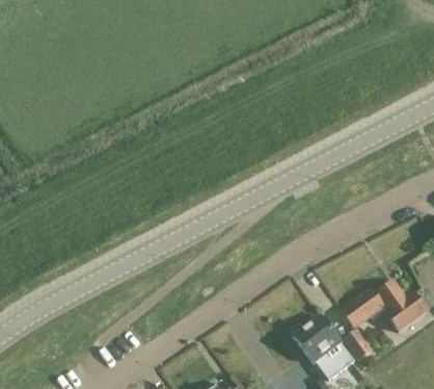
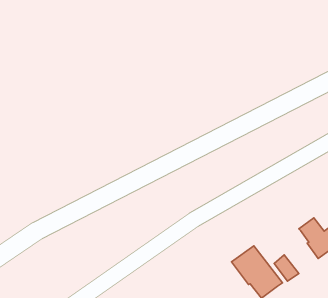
building: [340,288,382,328] -> none

